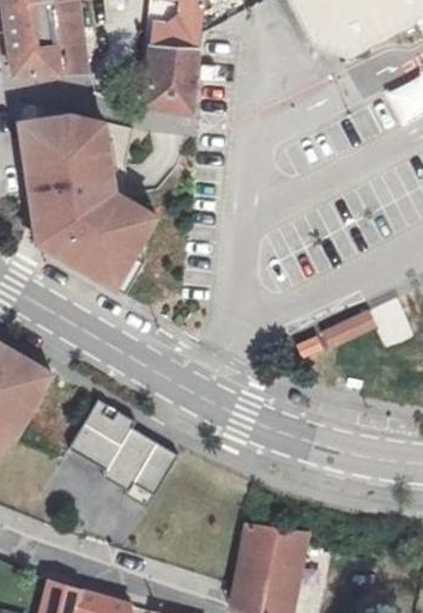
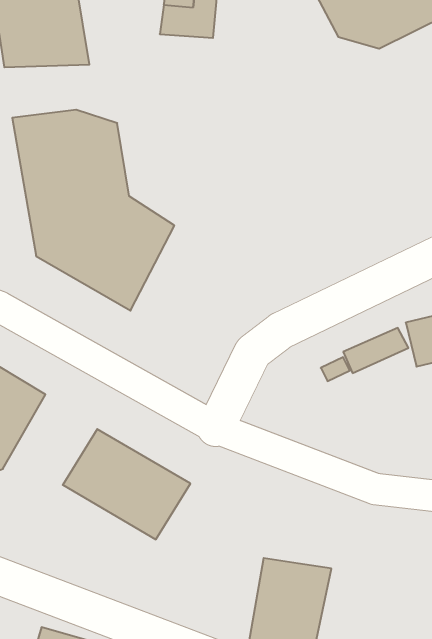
building: [144,47,199,109] -> none

